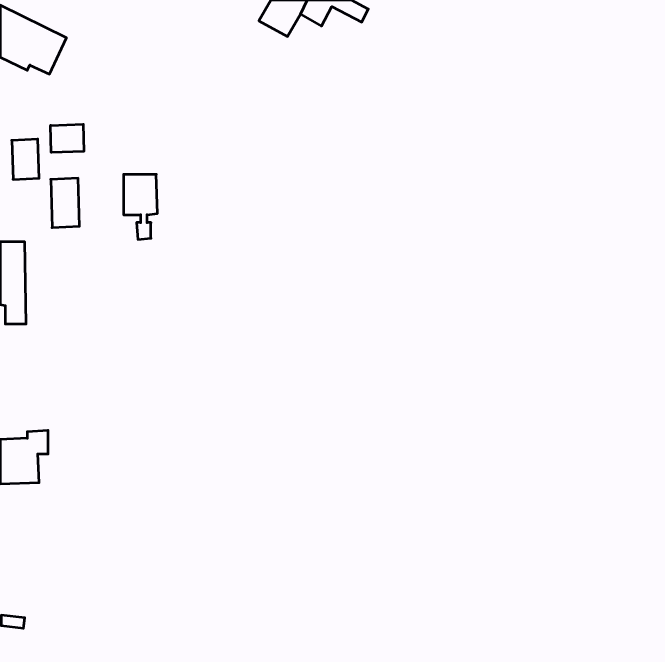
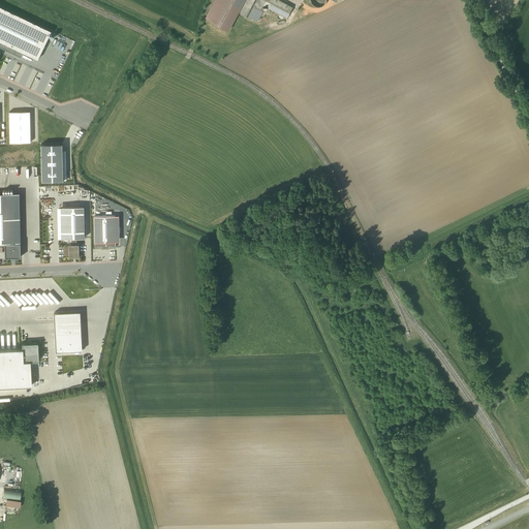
building: [51,124,84,152] -> none
building: [124,174,157,239] -> [58,208,85,259]
building: none -> [94,216,120,244]
building: none -> [55,312,82,351]

